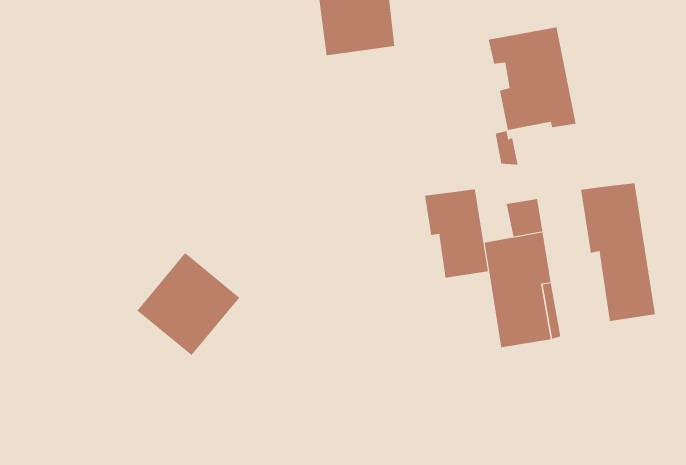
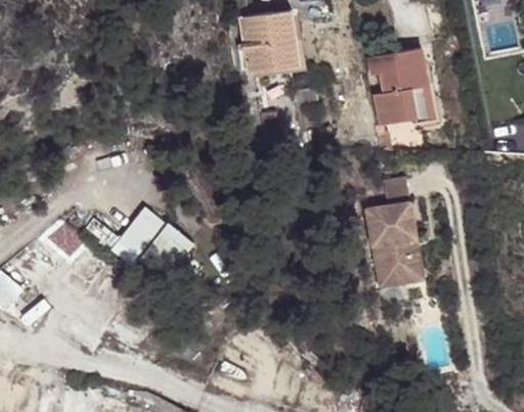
building: [581,183,656,322] -> none
building: [425,189,488,279] -> none

